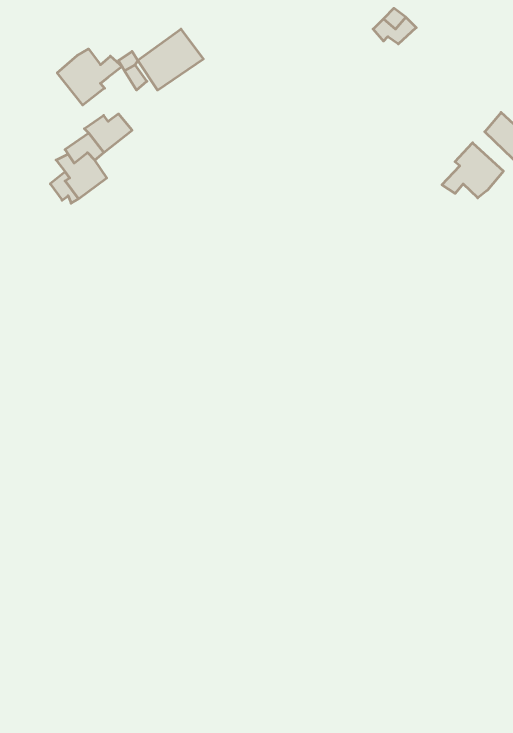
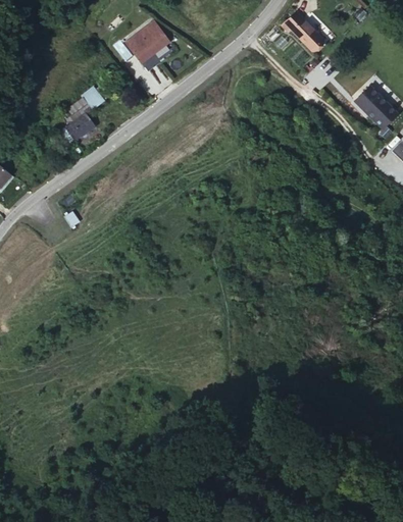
building: none -> [298,25,325,52]
building: [57,49,122,105] -> none
building: [442,143,503,198] -> none

